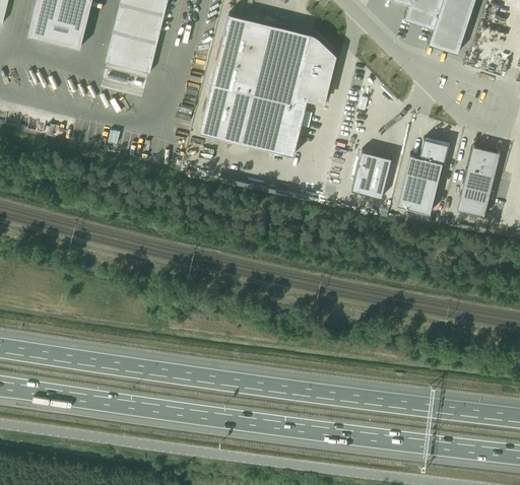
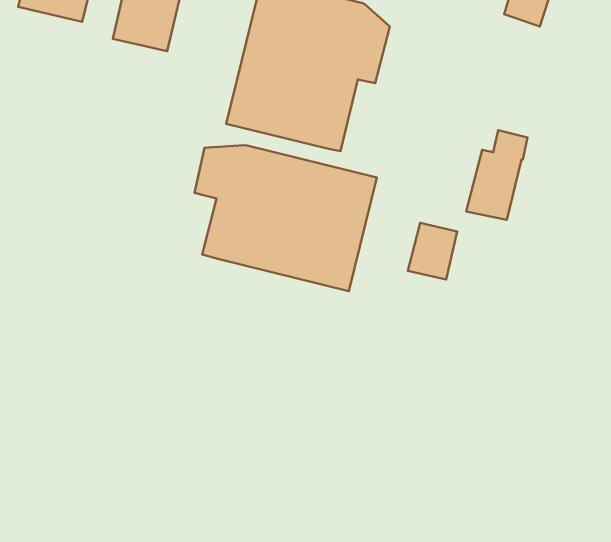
building: [457,144,501,214] -> none
building: none -> [195,145,377,291]
building: [351,151,392,198] -> [408,223,457,279]

